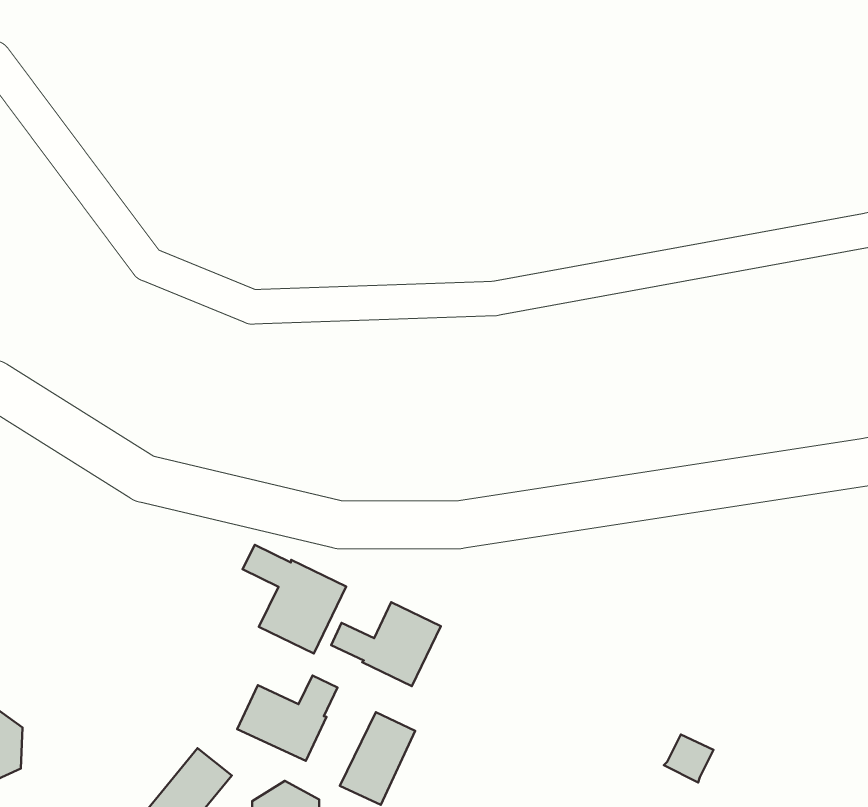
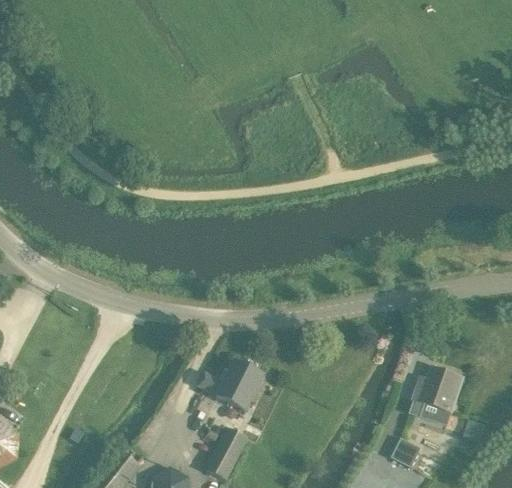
building: [243,545,346,653] -> none
building: none -> [413,368,464,428]
building: [237,676,337,761] -> none

